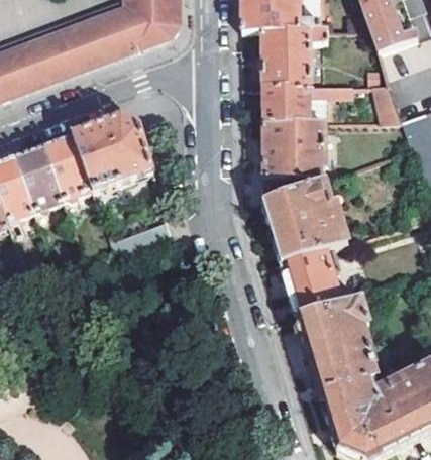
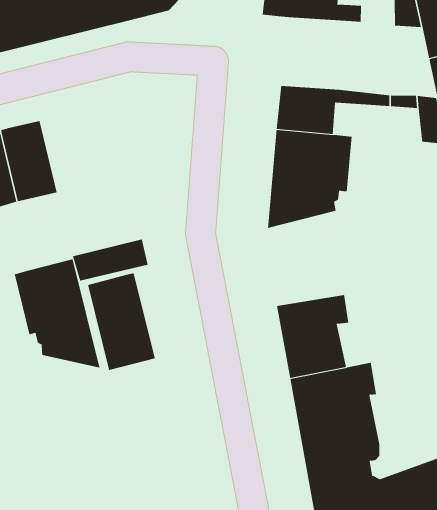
building: [263,25,329,83] -> none
building: [76,115,153,190] -> none
building: [262,176,343,258] -> none
building: none -> [14,259,100,368]
building: none -> [88,273,155,371]

